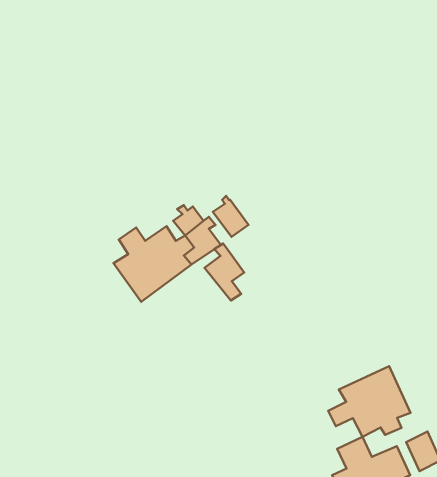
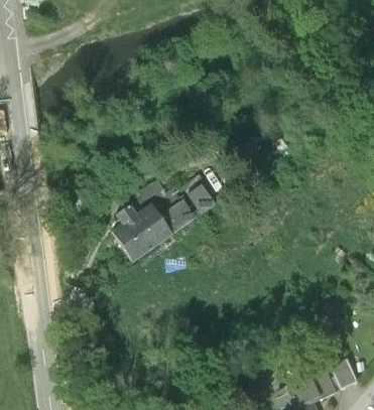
building: [204,243,244,300] -> none
building: [328,366,410,437] -> none

